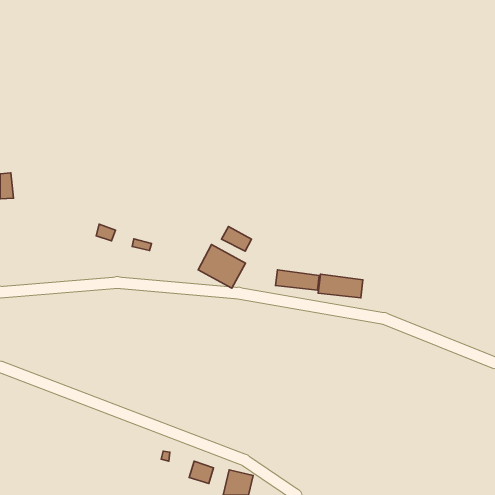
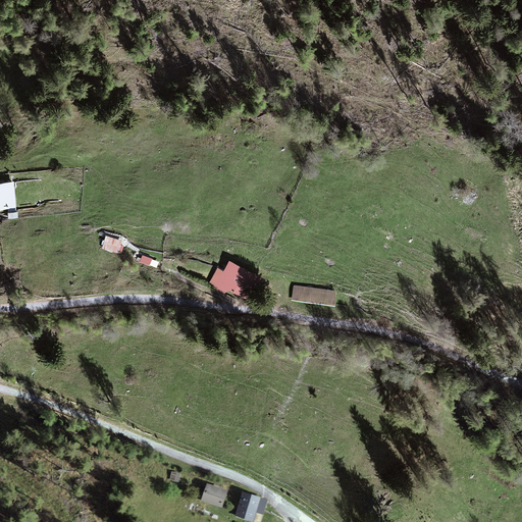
building: [222,227,251,251] -> none
building: [318,274,363,298] -> none

